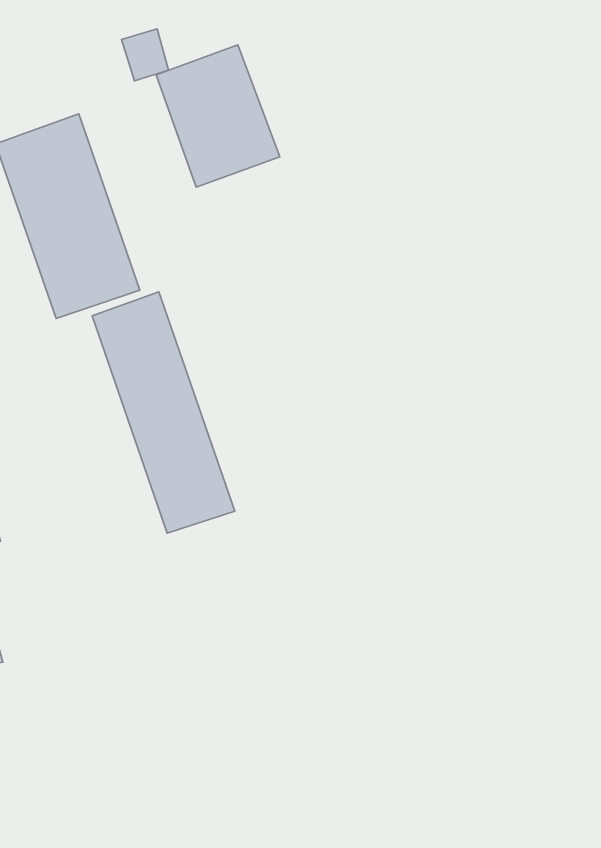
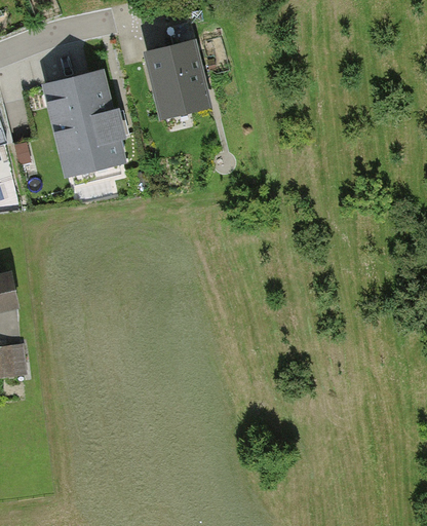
building: [92,292,235,533] -> none

